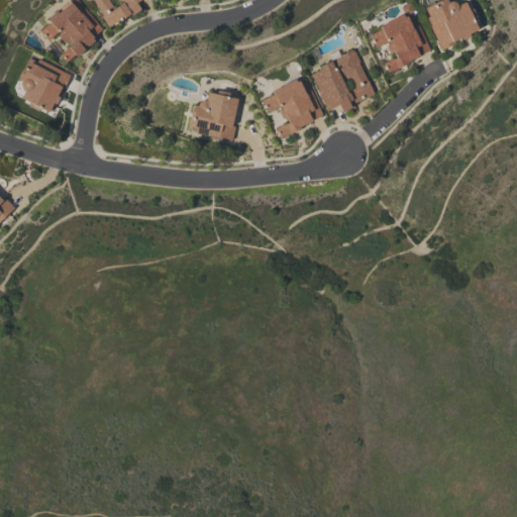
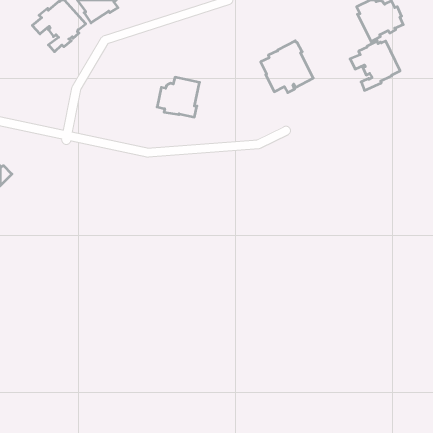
building: [371,14,430,73] -> [350,41,400,90]
building: [18,58,71,112] -> none
building: [263,79,323,138] -> none

